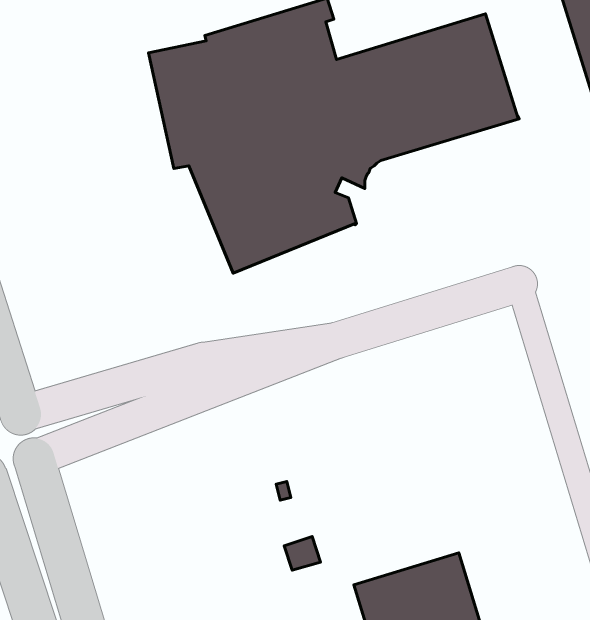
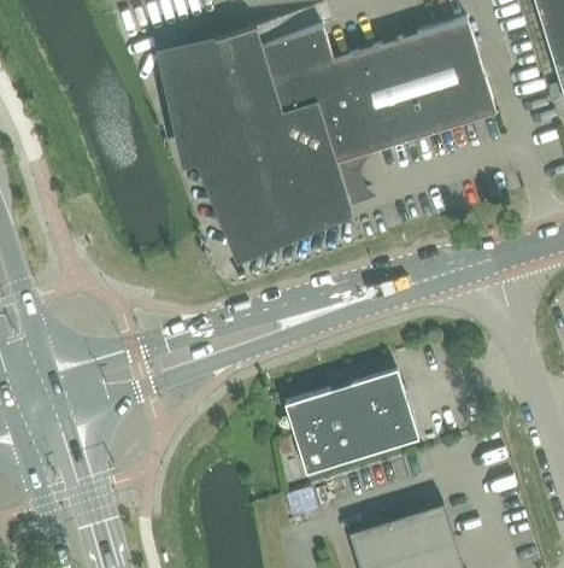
building: none -> [284,370,418,474]

